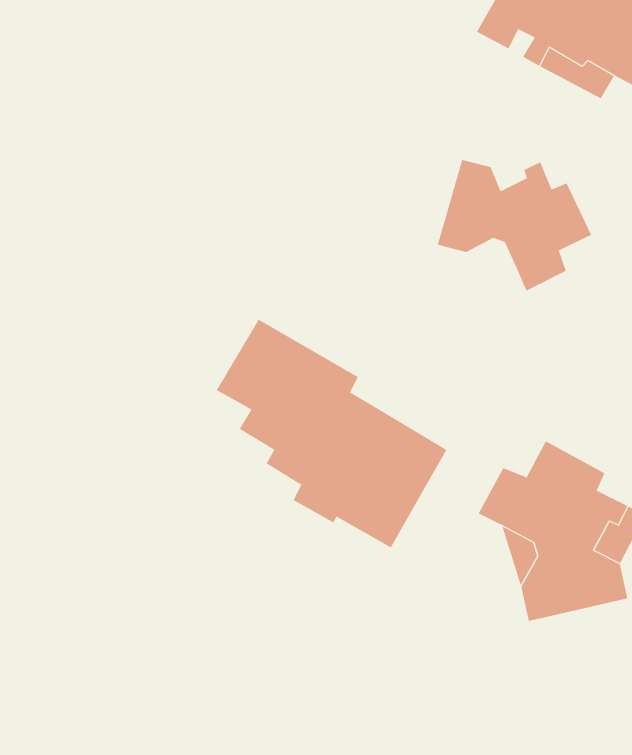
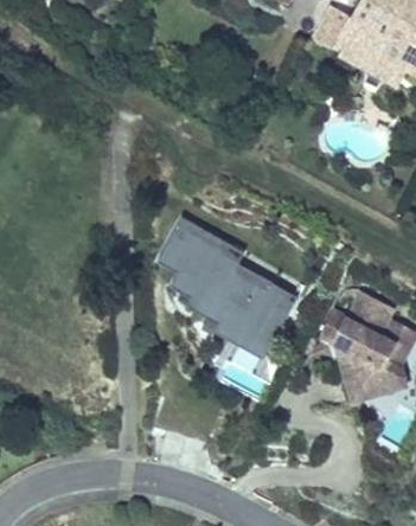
building: [437,159,592,292] -> none

